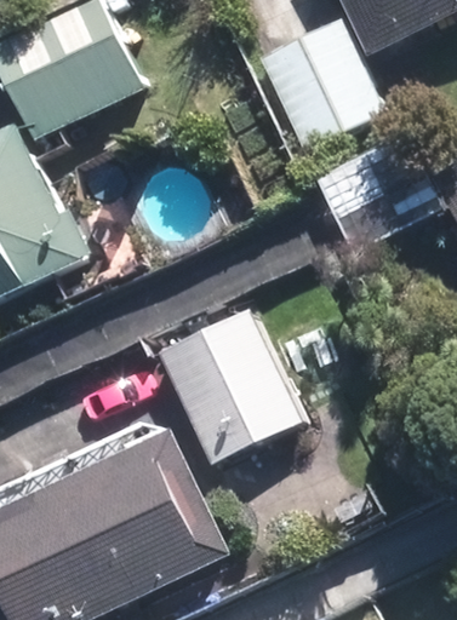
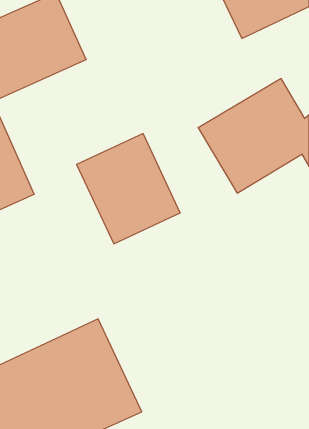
building: [252,18,385,155] -> none
building: [160,314,298,460] -> [77,134,180,244]

